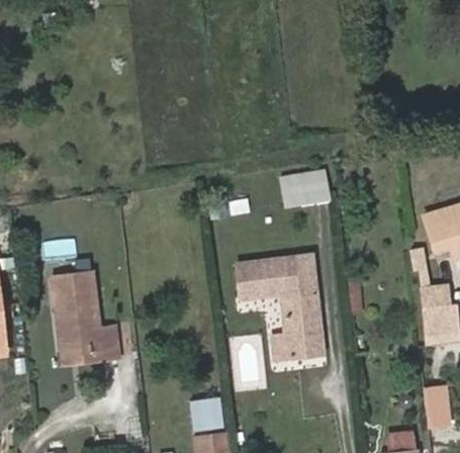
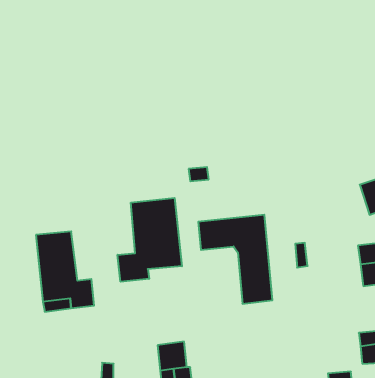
building: [281,176,328,207] -> none
building: none -> [118,198,182,282]

